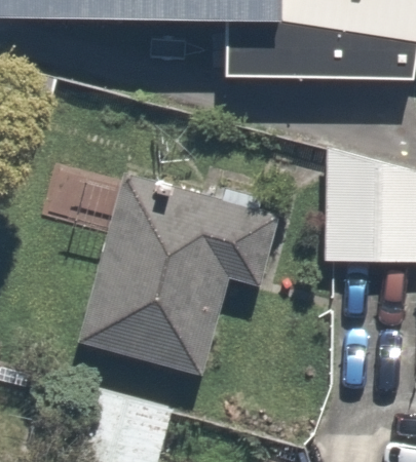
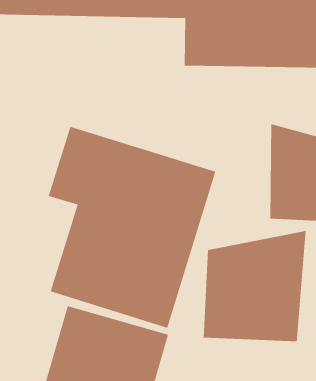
building: none -> [203,230,306,342]

